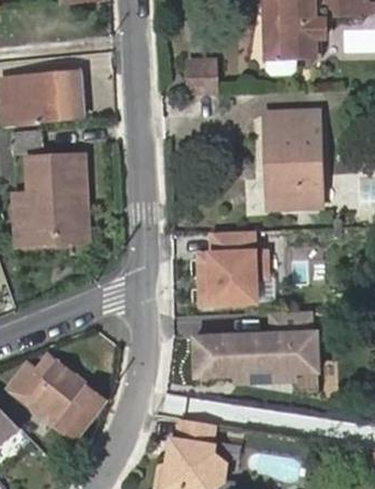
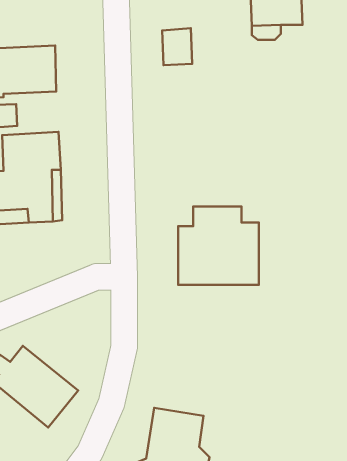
building: [260,111,319,209] -> none
building: [190,311,320,379] -> none

